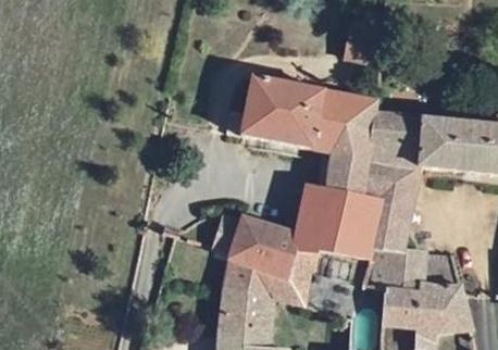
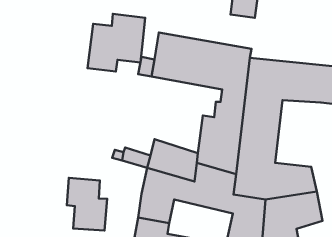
building: none -> [88,14,145,72]
building: none -> [67,178,107,230]

